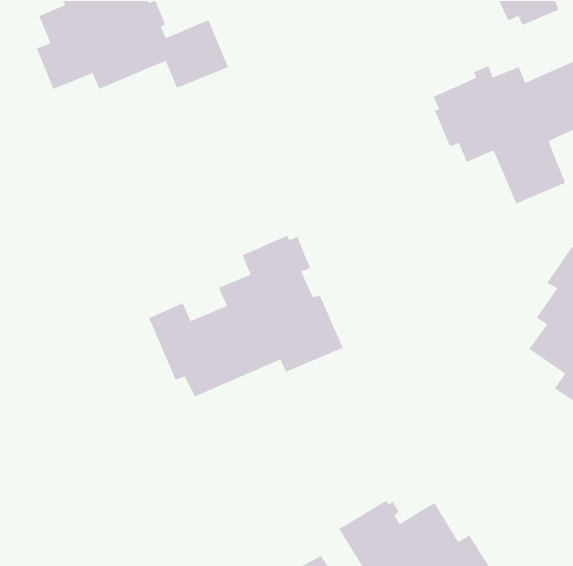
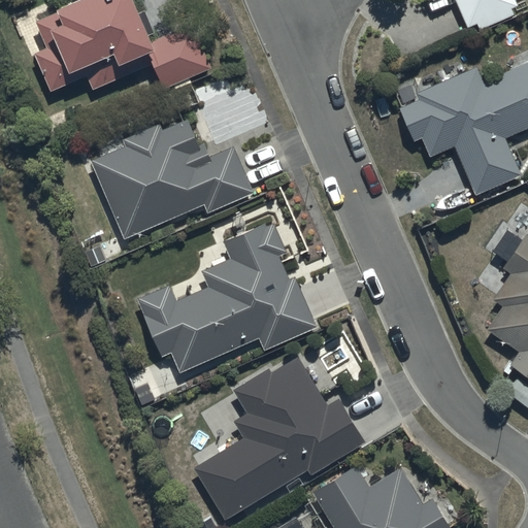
building: none -> [90,120,253,239]
building: none -> [194,358,363,519]

